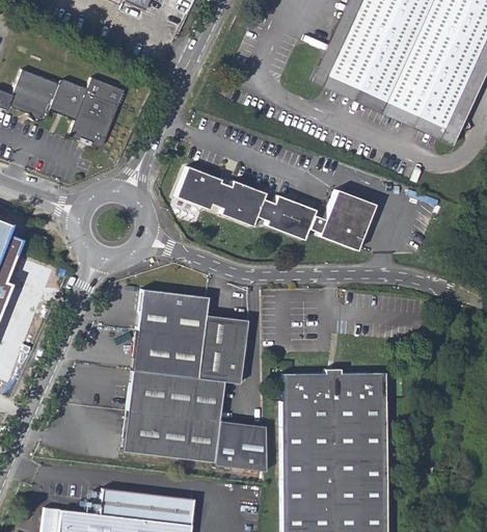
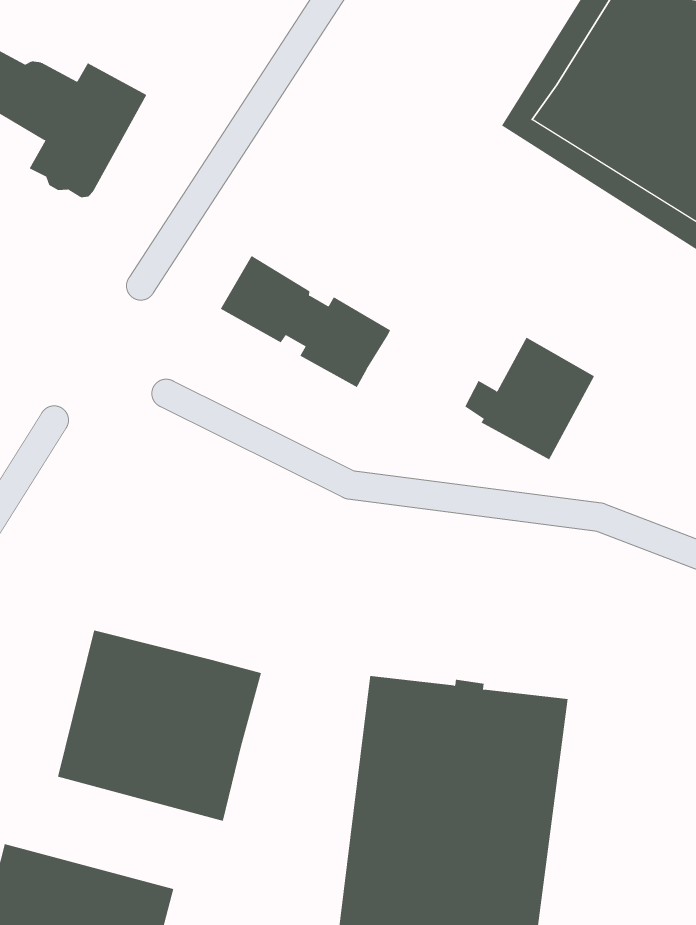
building: [259,195,318,240] -> none
building: [135,289,250,383] -> none
building: [216,421,268,470] -> none

